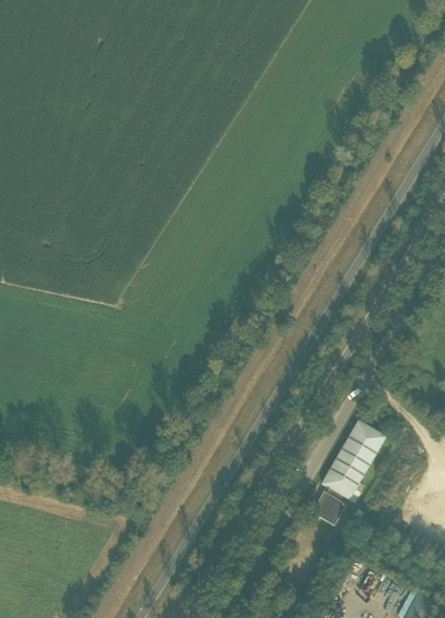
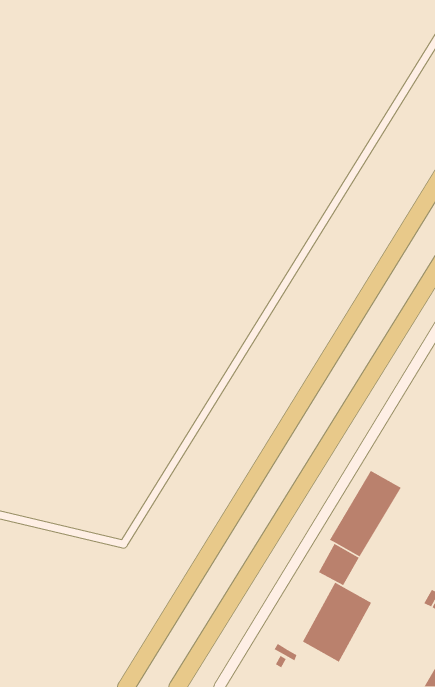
building: none -> [302,581,372,663]

